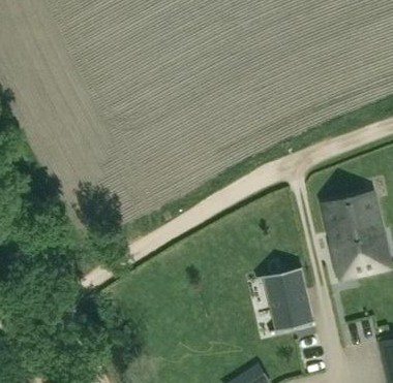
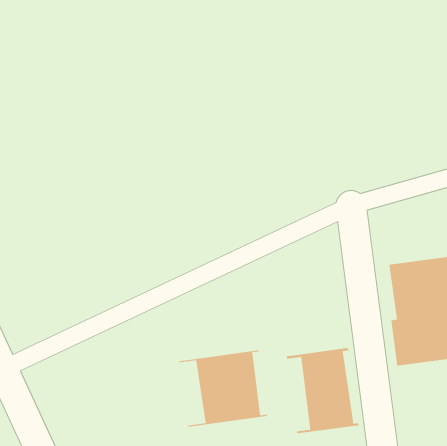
building: none -> [178,349,268,427]

